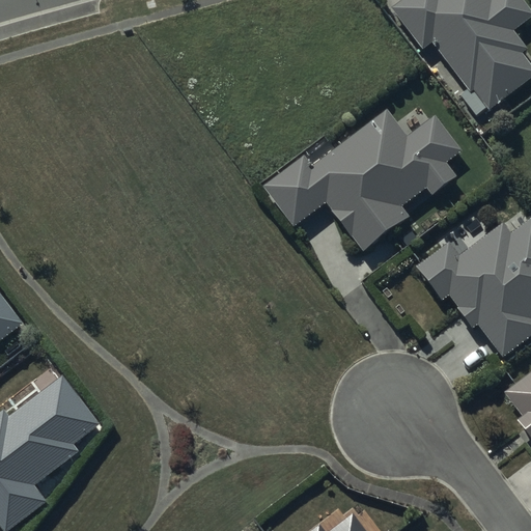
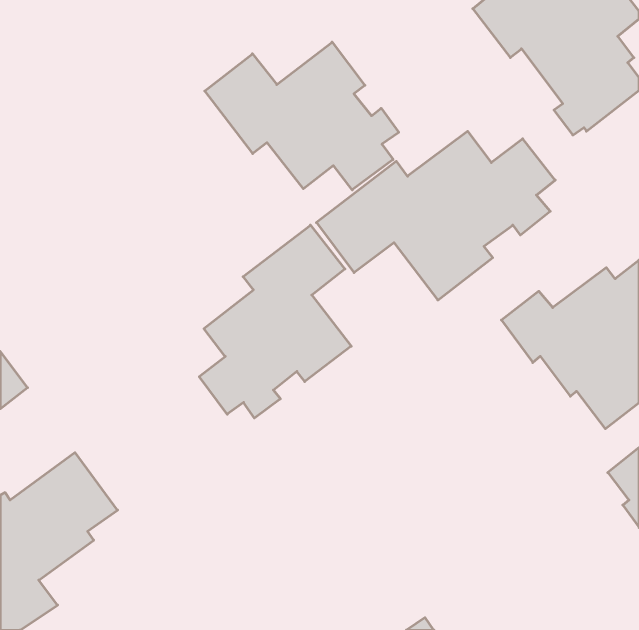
building: none -> [205,42,399,190]
building: none -> [199,225,351,418]

